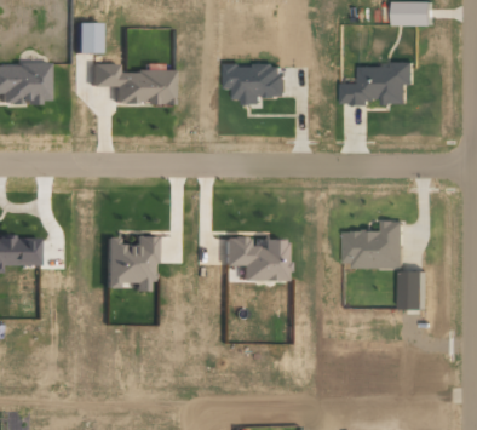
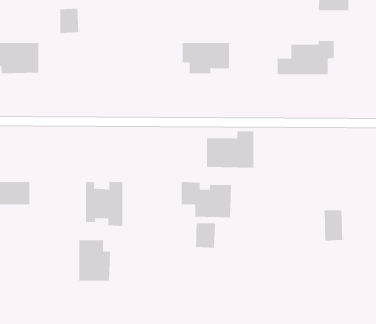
building: [91,62,172,103] -> none
building: [344,220,403,266] -> [206,131,254,168]
building: none -> [196,222,215,248]
building: none -> [79,240,110,282]

